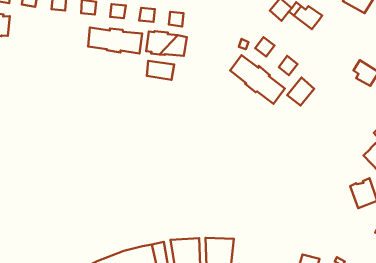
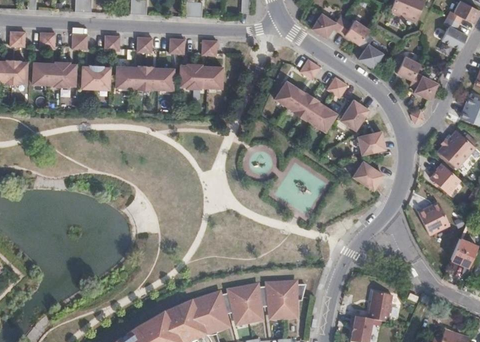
building: none -> [32,62,76,87]
building: none -> [358,33,383,68]
building: none -> [82,65,110,89]
building: none -> [391,54,419,81]
building: [147,61,174,80] -> none
building: none -> [357,129,385,153]
building: none -> [352,160,383,188]

